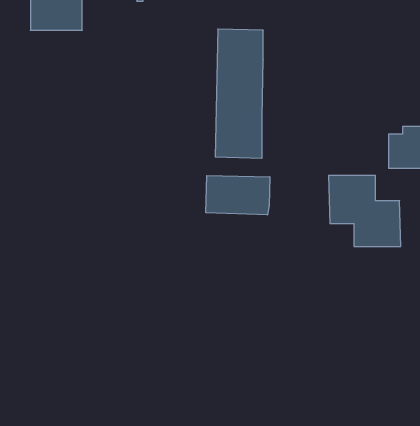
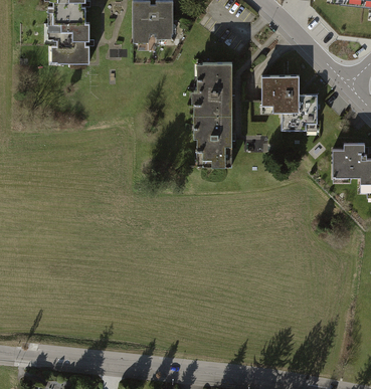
building: [329,175,401,246] -> [259,71,317,128]
building: [206,176,270,215] -> none

